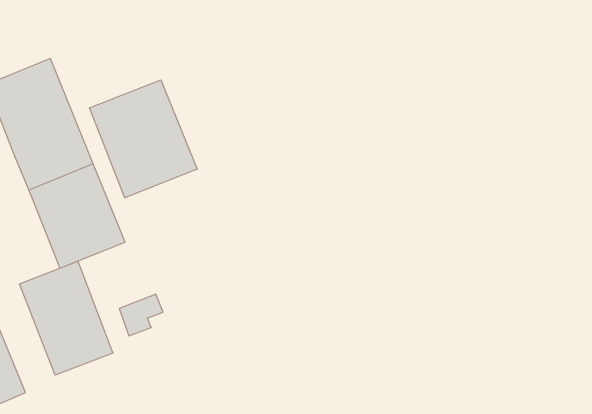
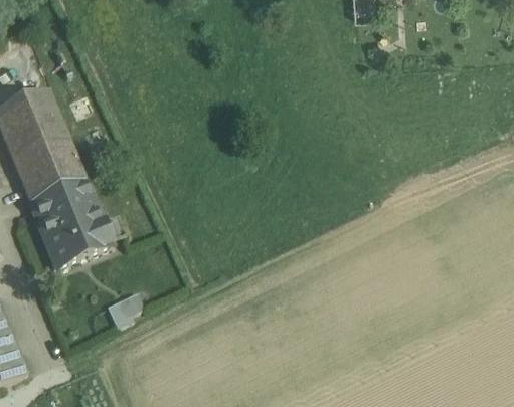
building: [90,80,197,198] -> none
building: [19,261,113,375] -> none

